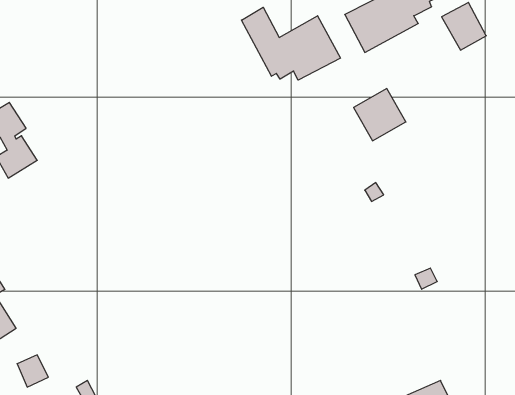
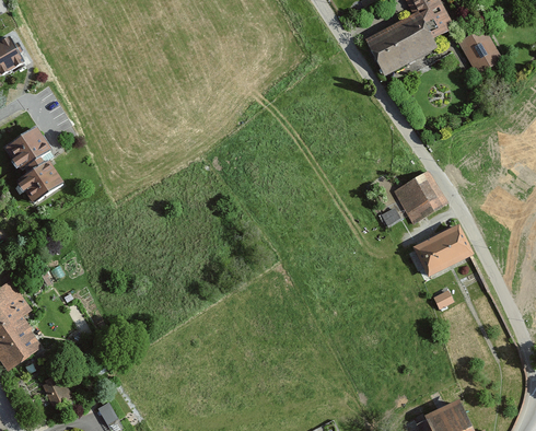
building: [241,7,340,80] -> none
building: [354,89,406,141] -> [393,172,444,223]
building: none -> [410,228,470,280]

